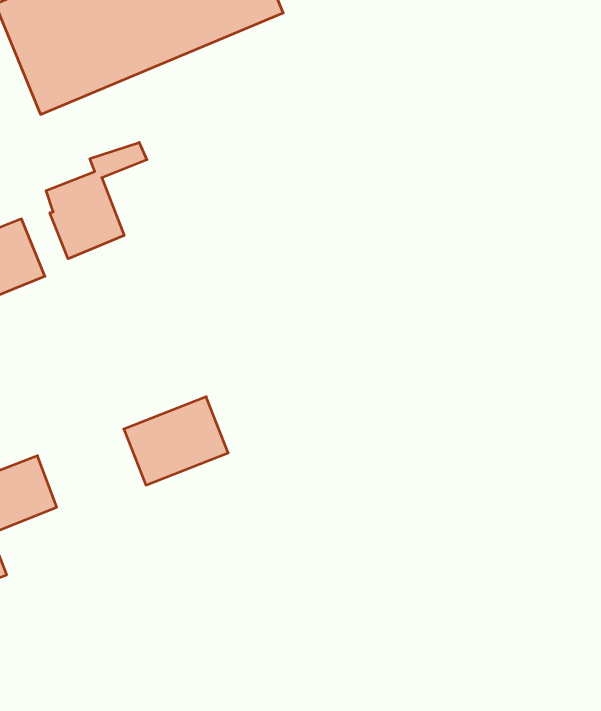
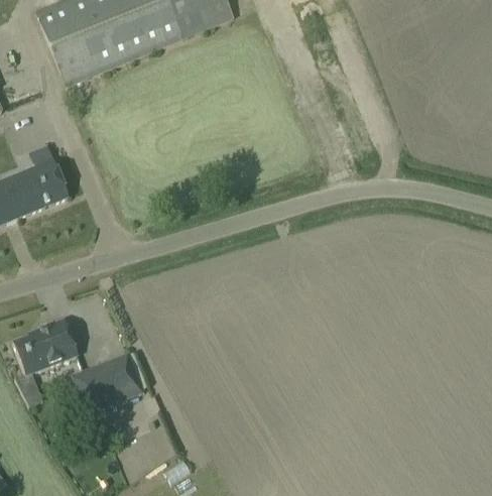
building: [46,142,147,259] -> none
building: [124,397,228,485] -> [71,354,142,414]

